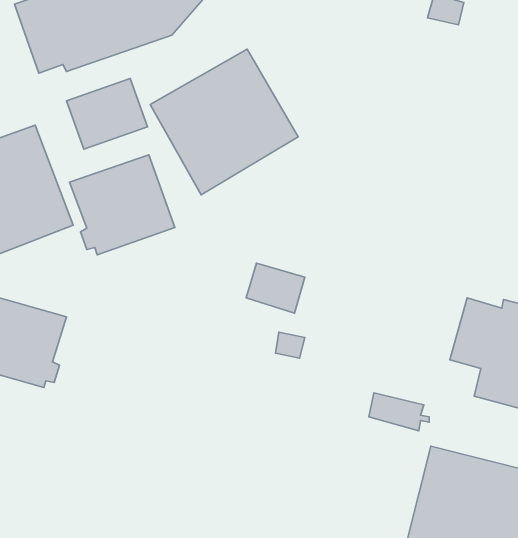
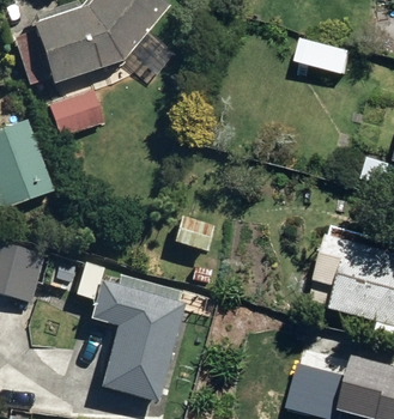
building: [150,49,298,195] -> none
building: [70,155,175,255] -> none
building: none -> [89,274,186,402]

